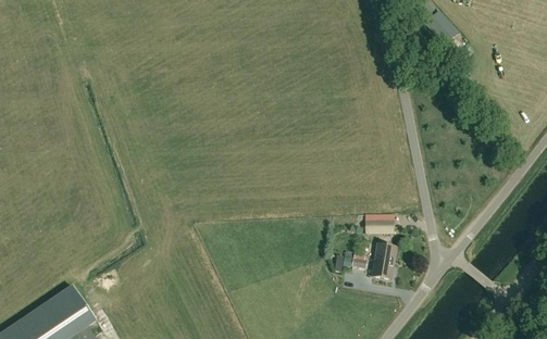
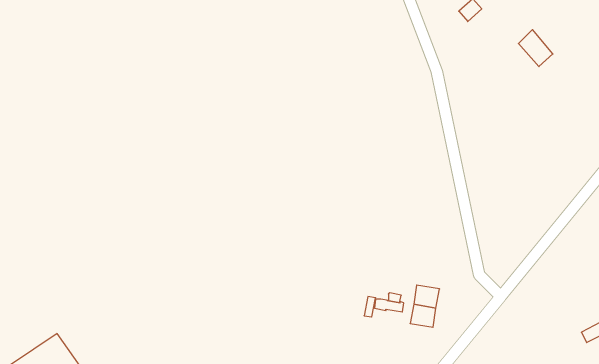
building: [425,11,455,42] -> [518,30,553,67]
building: [364,217,393,233] -> none

